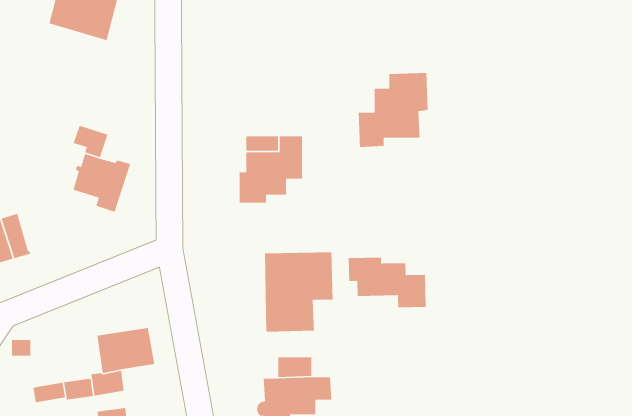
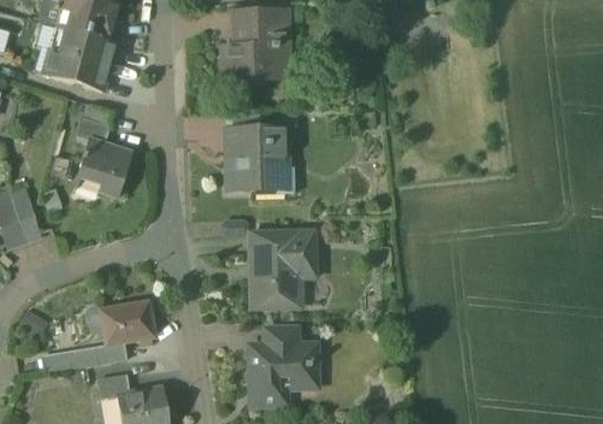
building: none -> [46,26,118,90]
building: [358,72,429,148] -> [226,11,290,80]
building: [348,257,426,308] -> none

